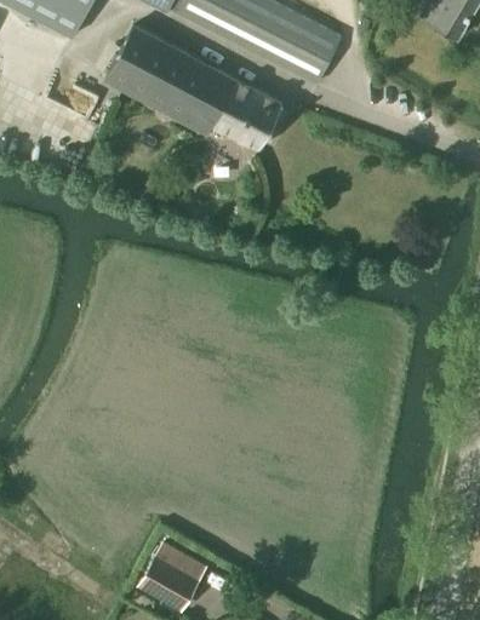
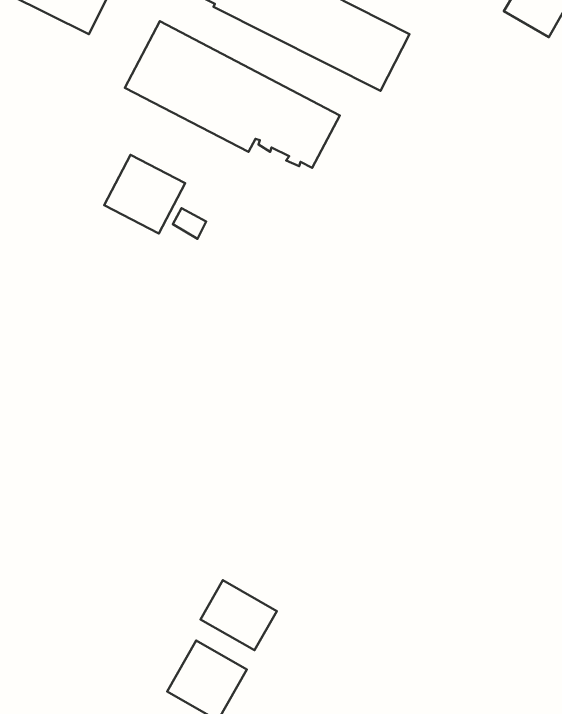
building: none -> [104,155,185,234]
building: none -> [201,580,277,650]

